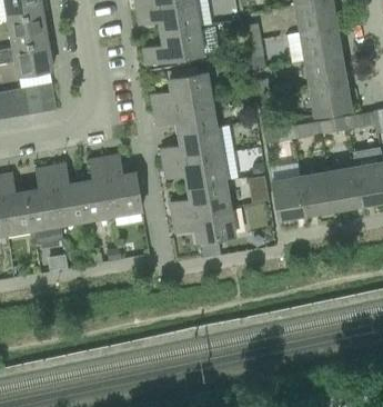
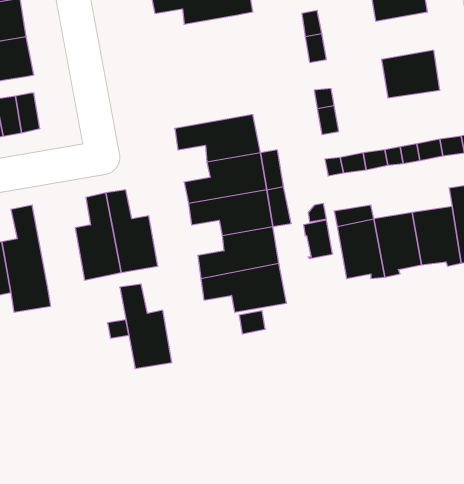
building: [300,24,342,59] -> none
building: [143,27,221,64] -> none
building: [151,73,211,109] -> none
building: [309,81,352,117] -> none
building: [51,162,89,224] -> [120,284,172,369]

